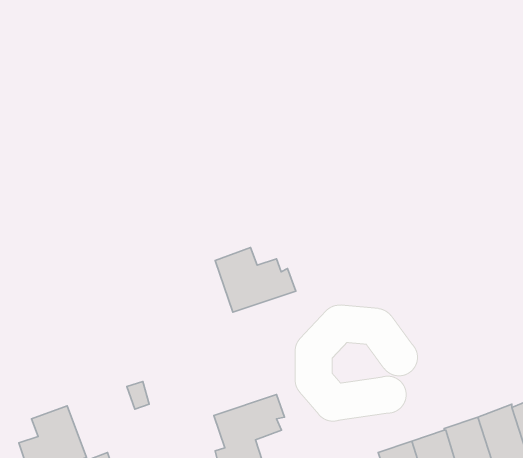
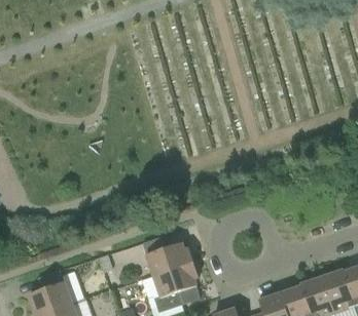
building: [215,248,296,312] -> [143,236,194,277]

